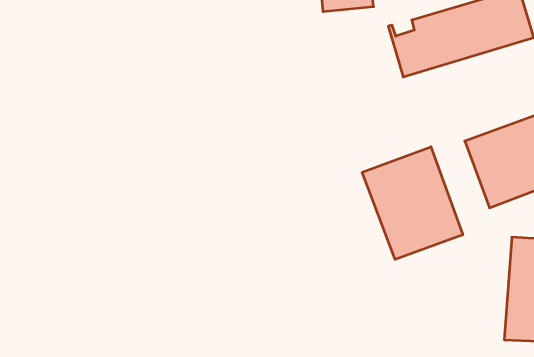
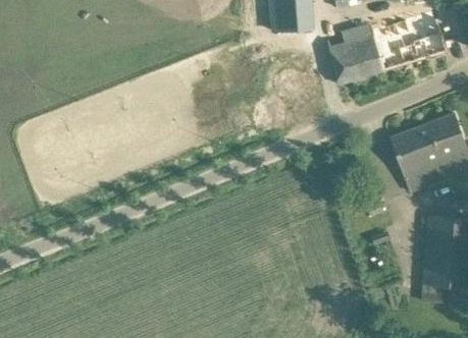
building: [362,147,463,259] -> none

